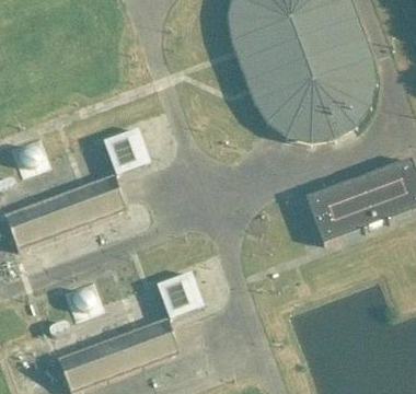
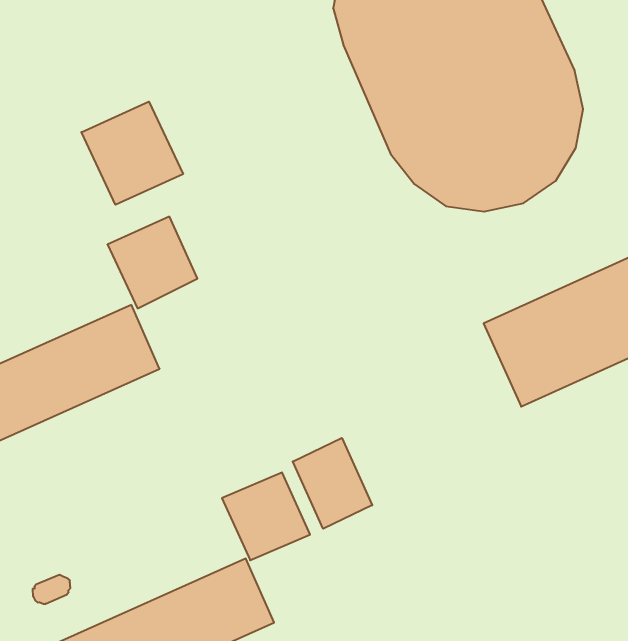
building: none -> [81,102,183,205]
building: none -> [293,438,372,529]

